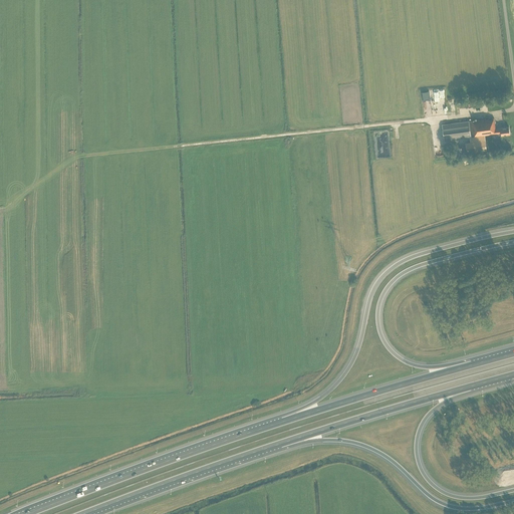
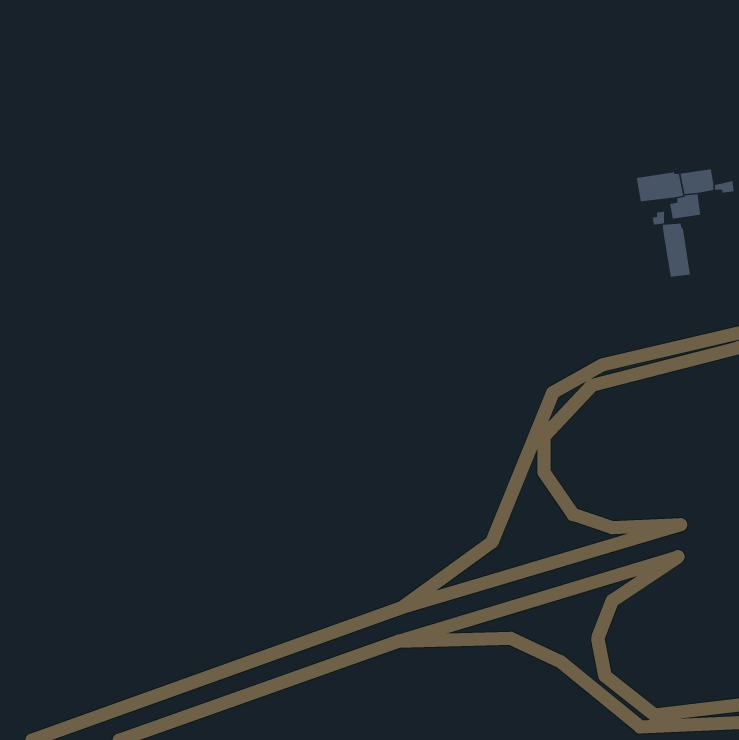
building: none -> [662,223,691,278]

